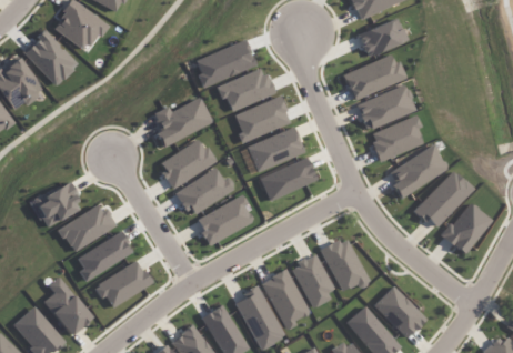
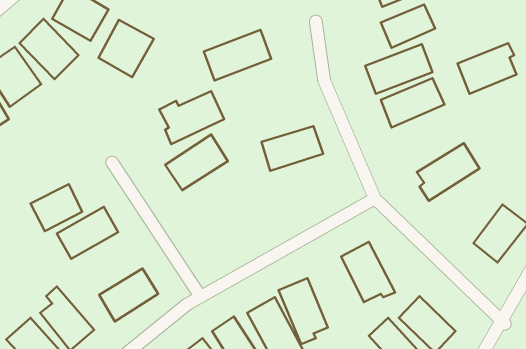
building: none -> [99,20,154,77]
building: [218,68,273,112] -> none
building: [233,97,291,143] -> none
building: [369,115,423,162] -> [458,43,517,94]
building: [259,158,315,201] -> none
building: [175,169,235,215] -> none
building: [414,170,473,230] -> none
building: [195,195,253,245] -> none
building: [77,232,133,282] -> none
building: [290,254,335,307] -> none

